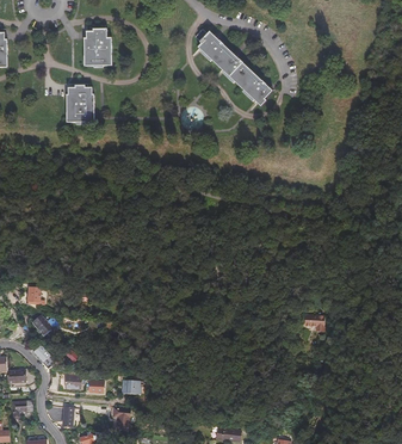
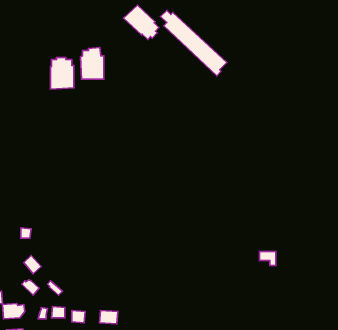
building: none -> [124,5,159,40]
building: [80,26,107,63] -> [80,48,104,79]

